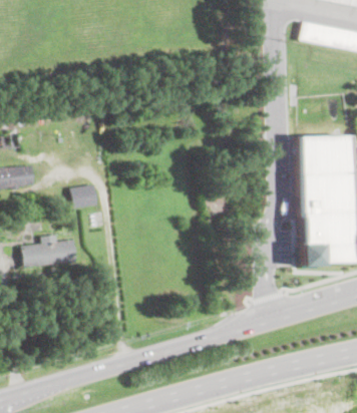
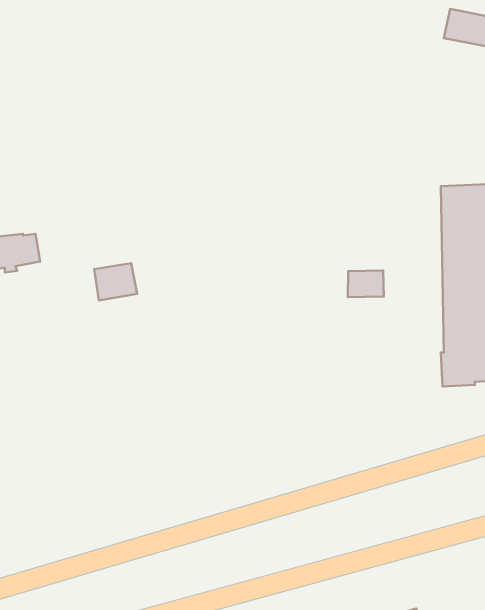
building: none -> [348,271,384,297]
building: [25,236,80,270] -> none

